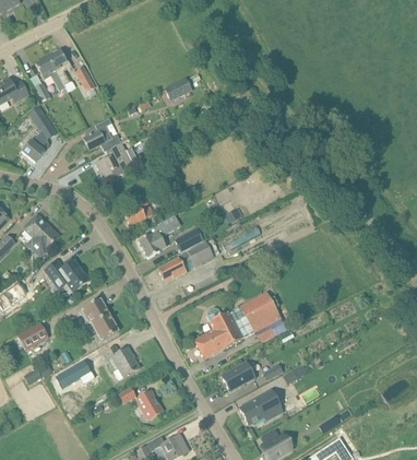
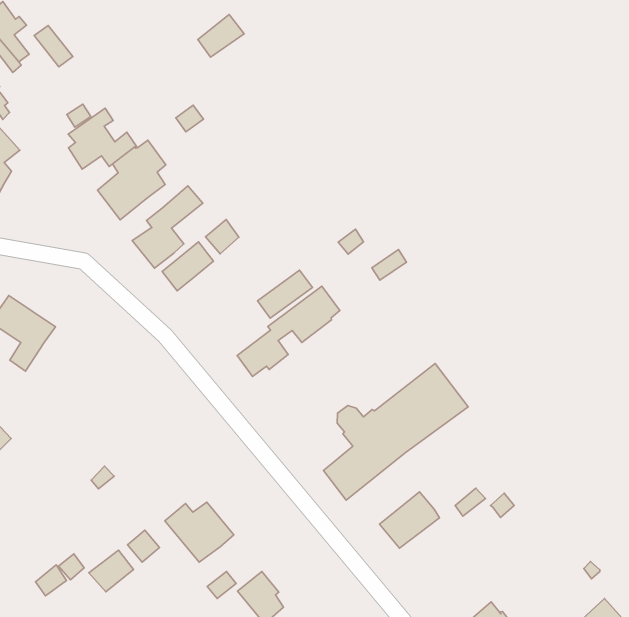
building: [138,214,180,257] -> [132,186,203,268]
building: [45,259,88,291] -> none
building: [82,298,118,340] -> none
building: [17,322,48,350] -> none
building: [238,389,283,424] -> none

